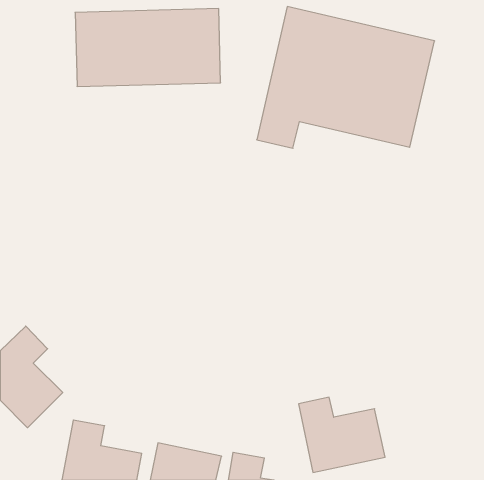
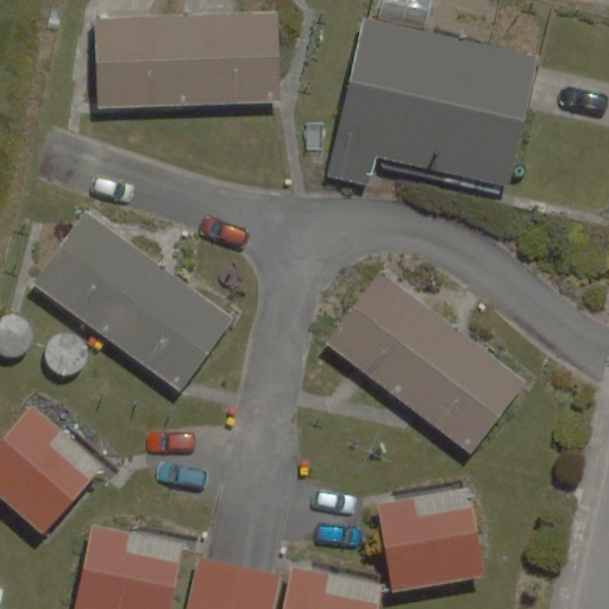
building: none -> [38,213,234,401]
building: none -> [325,272,521,460]

